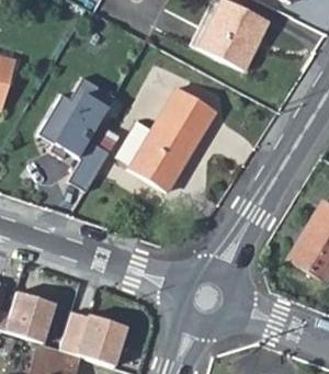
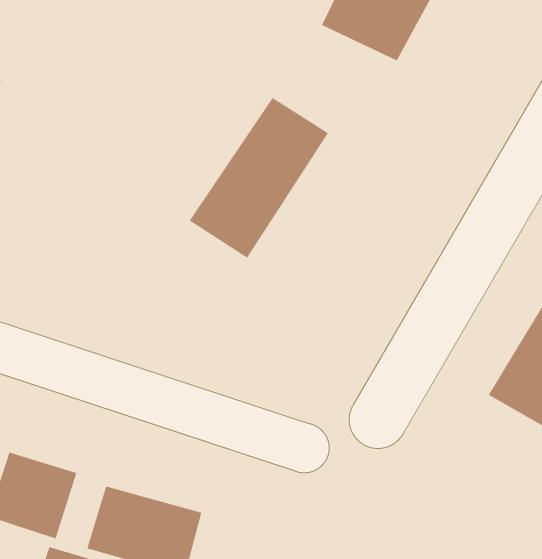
building: [41,73,116,188] -> none

